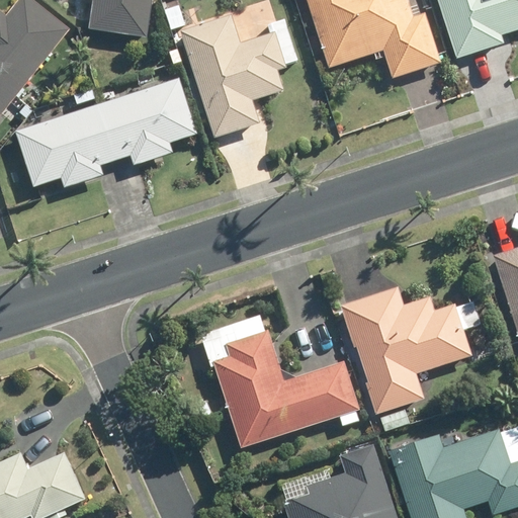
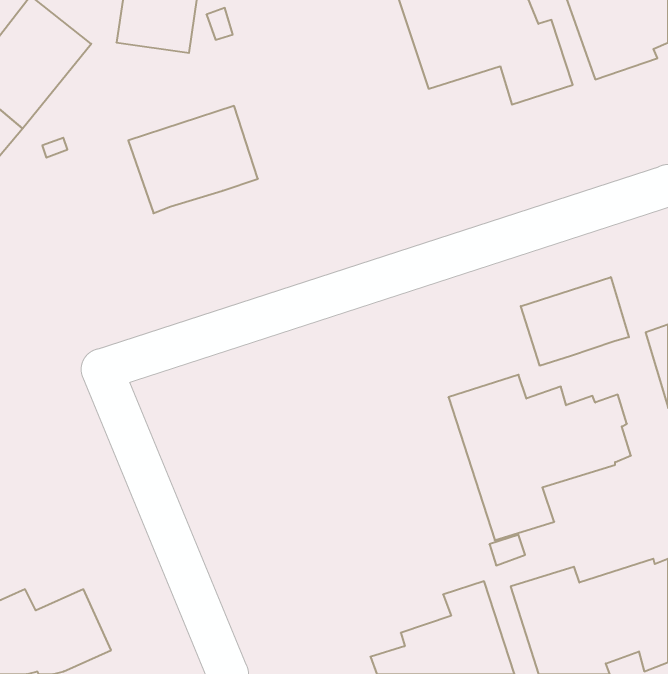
building: [178,17,297,140] -> none
building: [15,107,117,190] -> none
building: none -> [521,277,629,366]
building: [202,327,358,445] -> none

